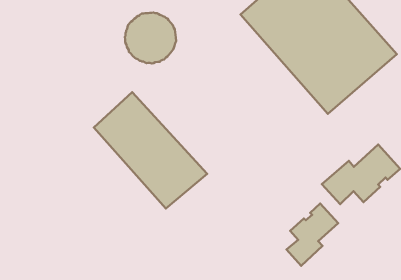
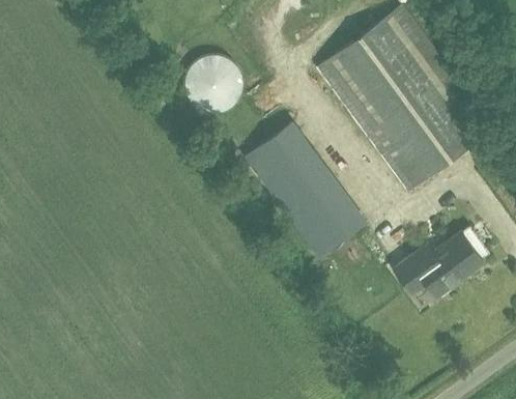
building: [94,92,207,209] -> [243,122,368,259]
building: [286,203,338,266] -> none

